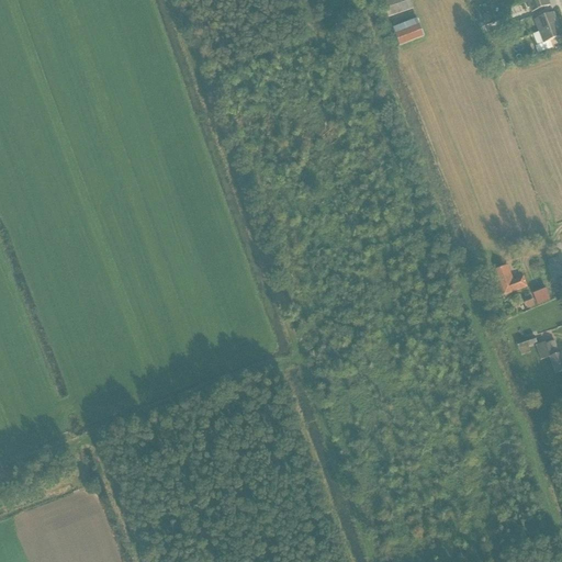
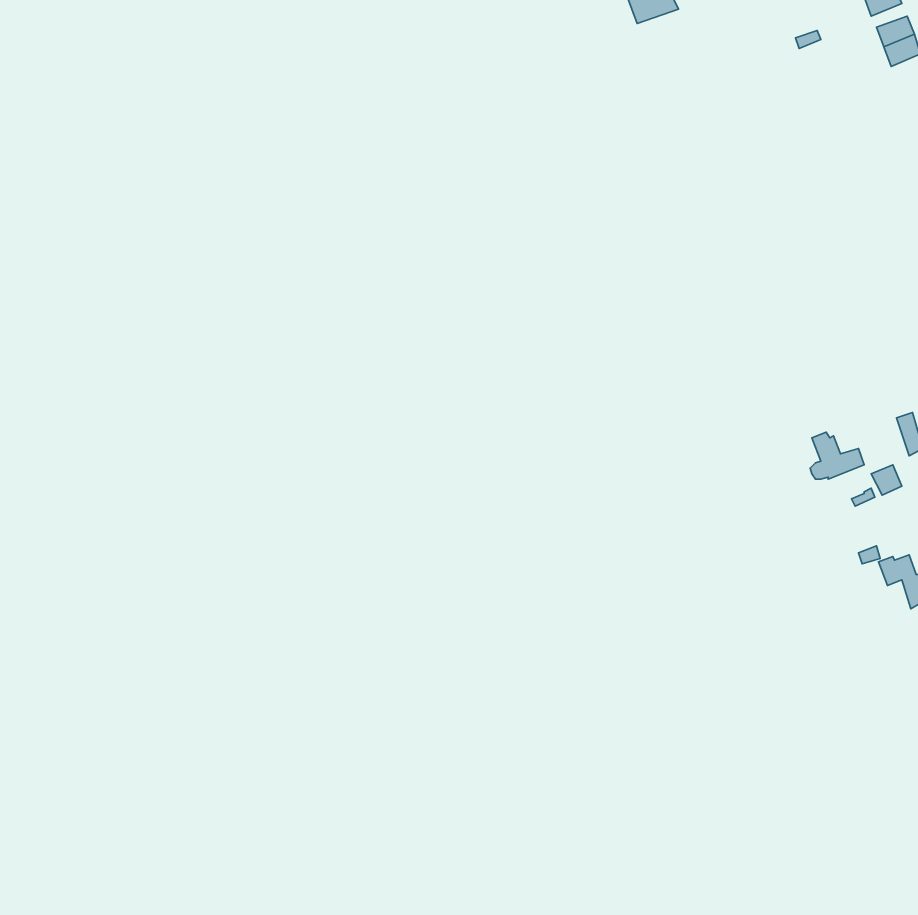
building: [393,15,425,43] -> none

